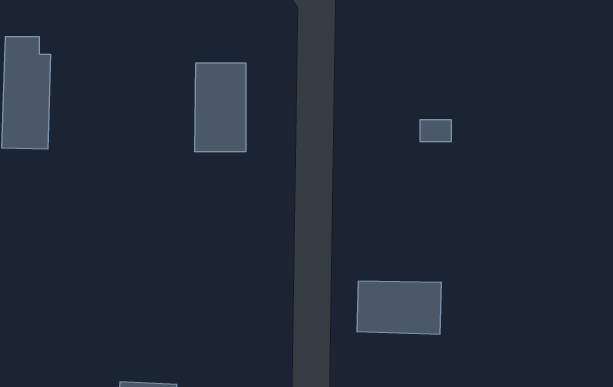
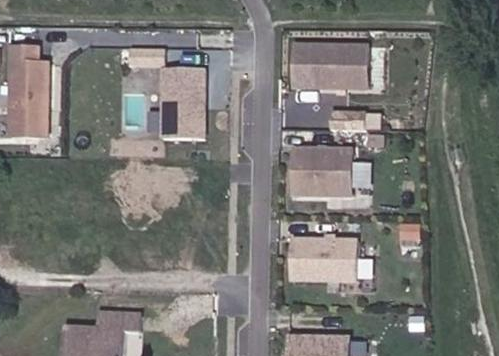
building: none -> [294,42,366,86]
building: none -> [293,146,351,194]

